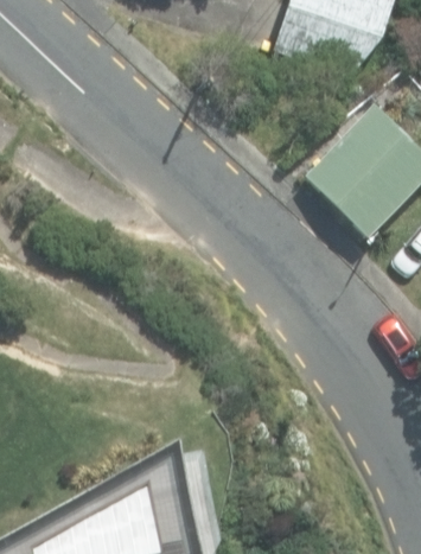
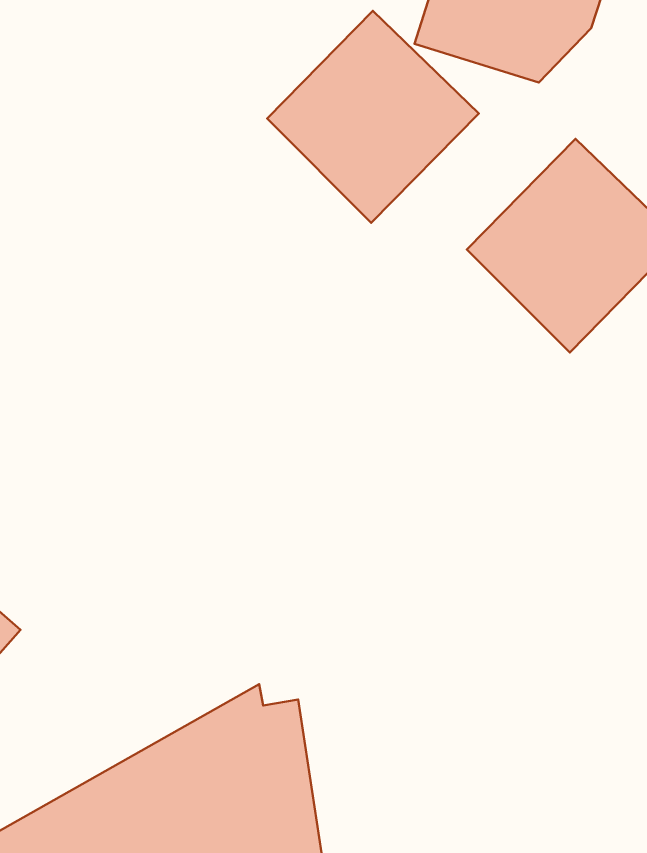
building: none -> [267,11,479,223]

